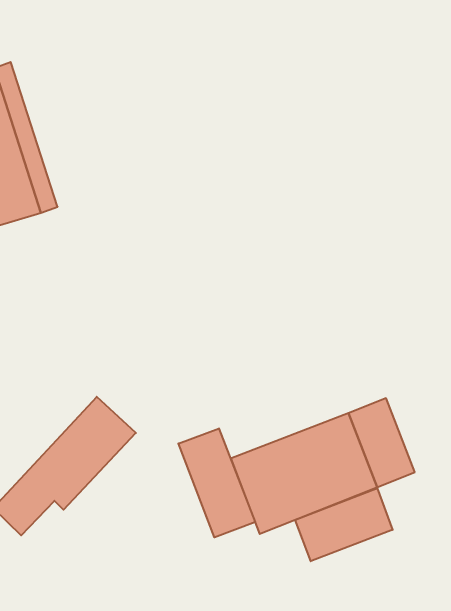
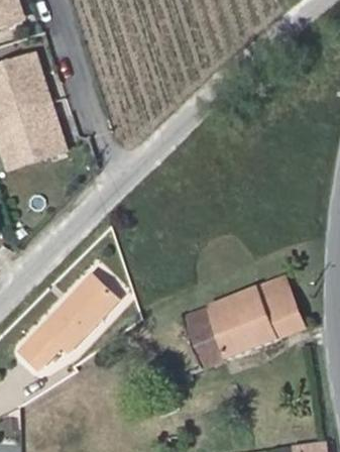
building: [178,428,255,537] -> none
building: [295,488,393,561] -> none

